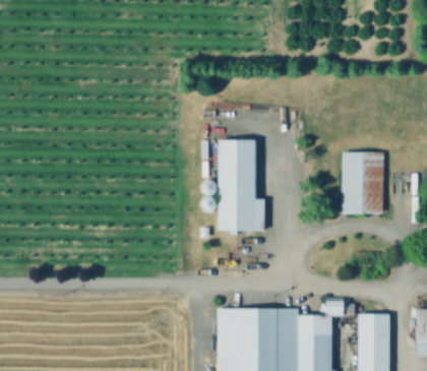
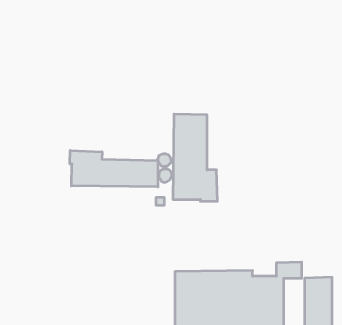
building: [341,152,383,215] -> none
building: none -> [70,150,158,187]

